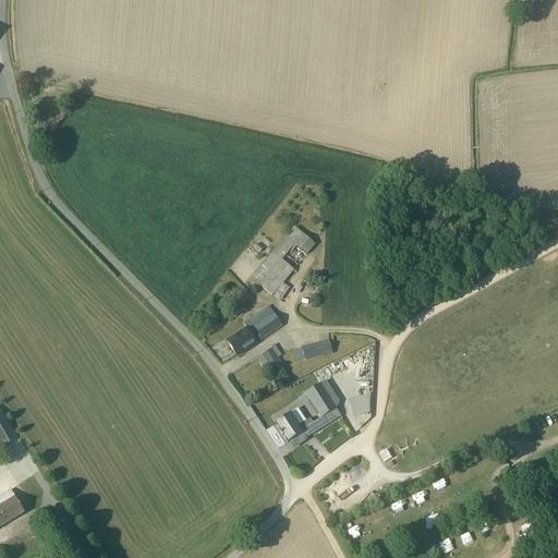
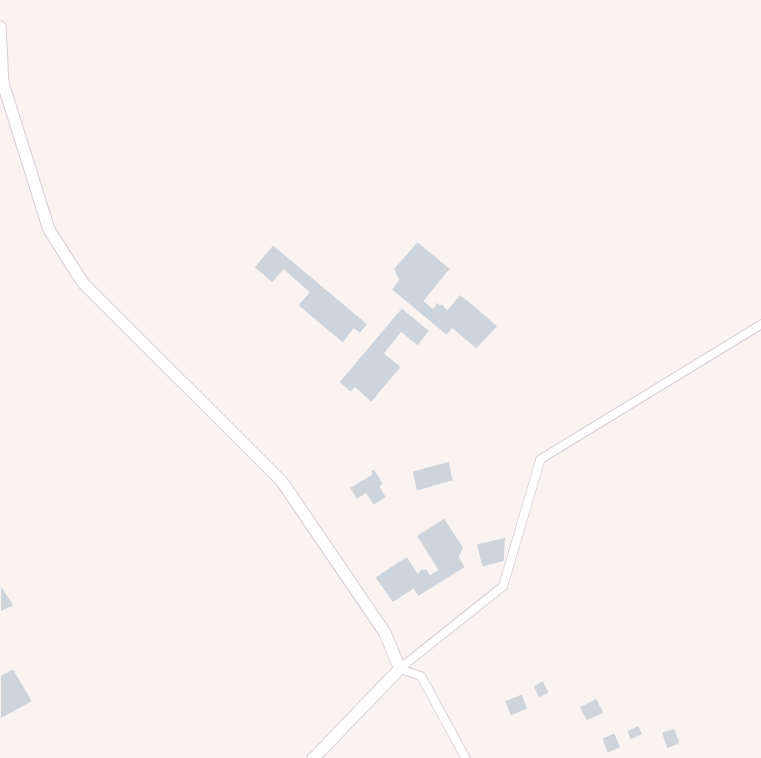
building: none -> [391,241,498,349]
building: none -> [254,244,368,344]
building: [227,303,282,353] -> none

